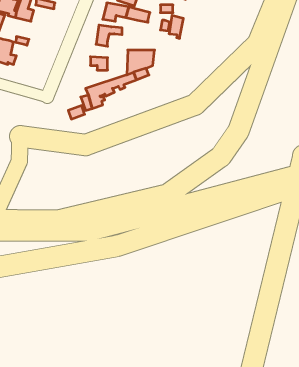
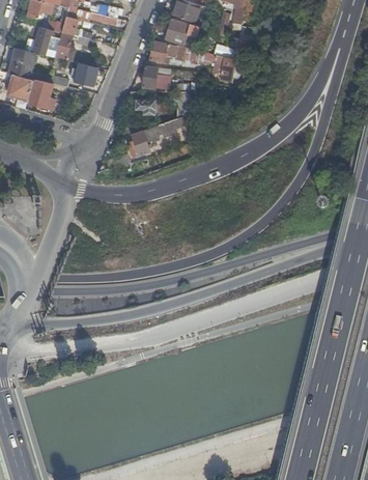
building: none -> [72,63,96,86]

